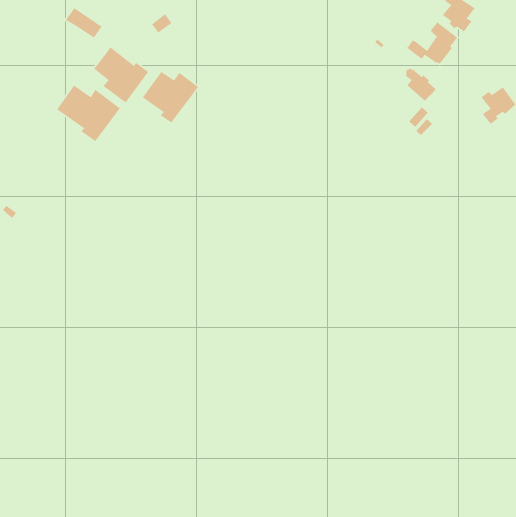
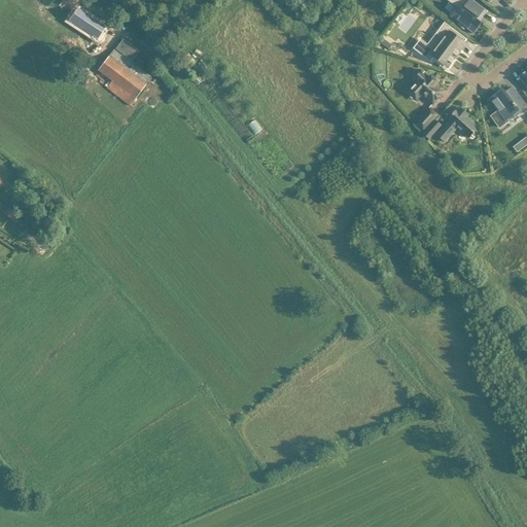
building: [142,71,199,124] -> none
building: [56,85,121,142] -> none
building: none -> [435,108,477,141]

